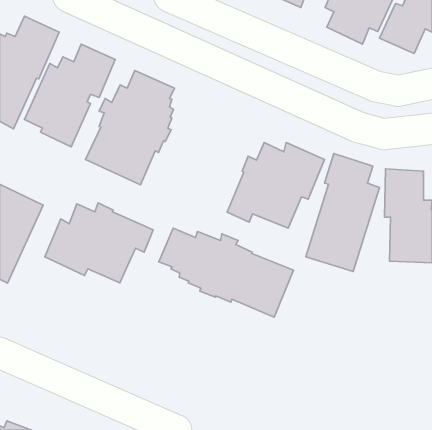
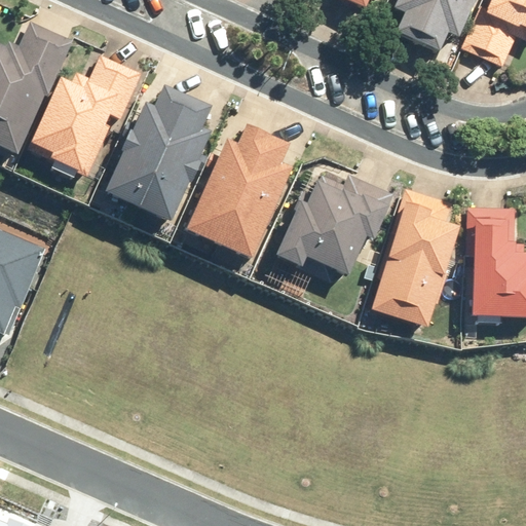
building: none -> [186,124,293,261]
building: [45,203,153,283] -> none
building: [159,228,293,317] -> none

